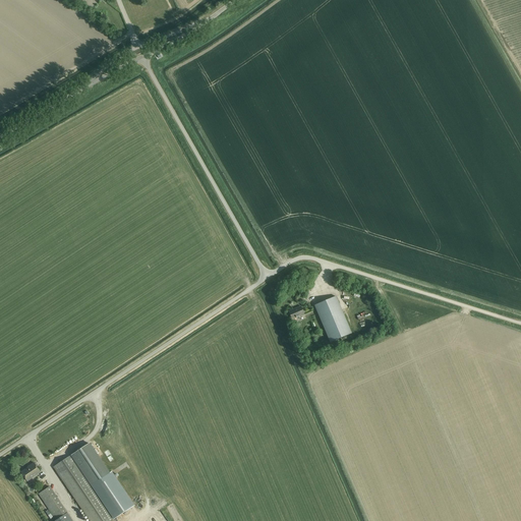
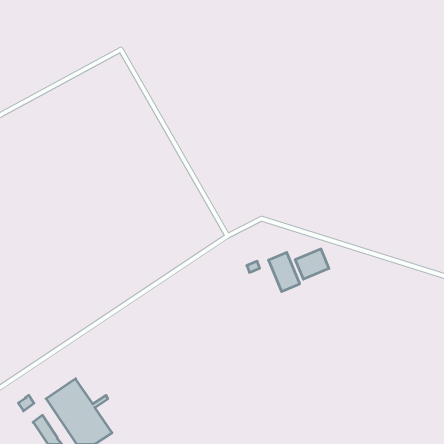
building: none -> [295,249,329,279]

